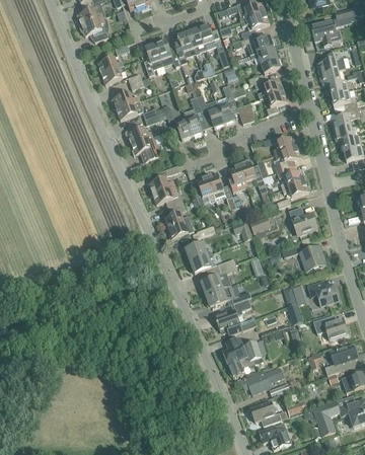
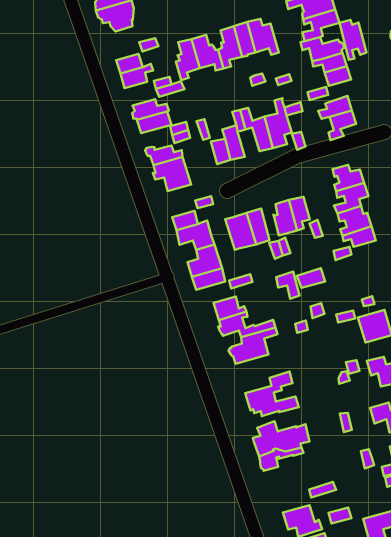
building: none -> [339,20,367,60]
building: [288,206,316,234] -> none
building: [205,285,247,307] -> none
building: [240,366,281,393] -> none

